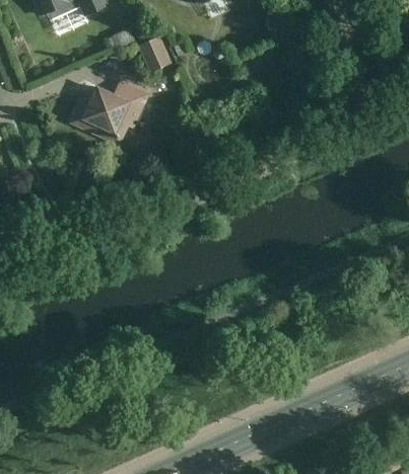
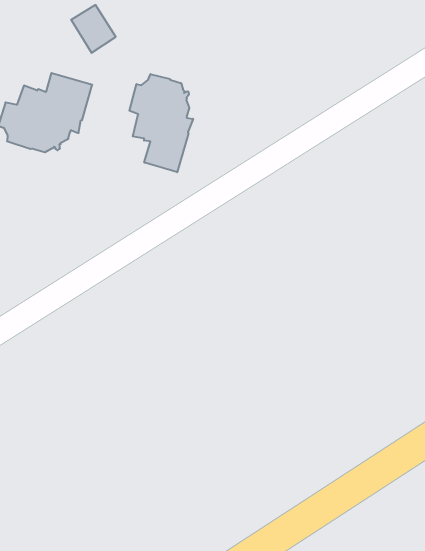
building: none -> [129,74,193,172]

